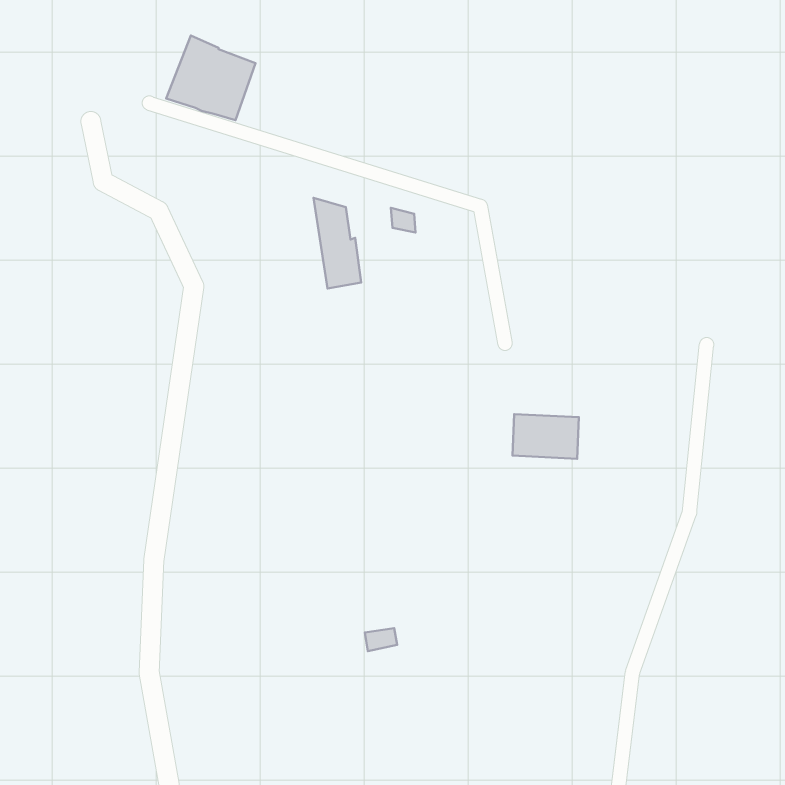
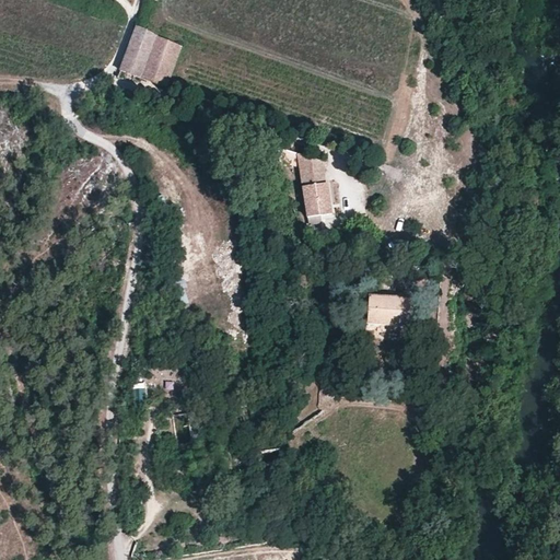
building: [314,198,361,289] -> [298,153,331,218]

